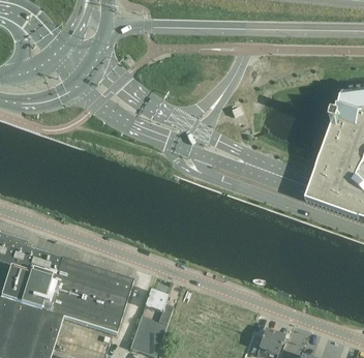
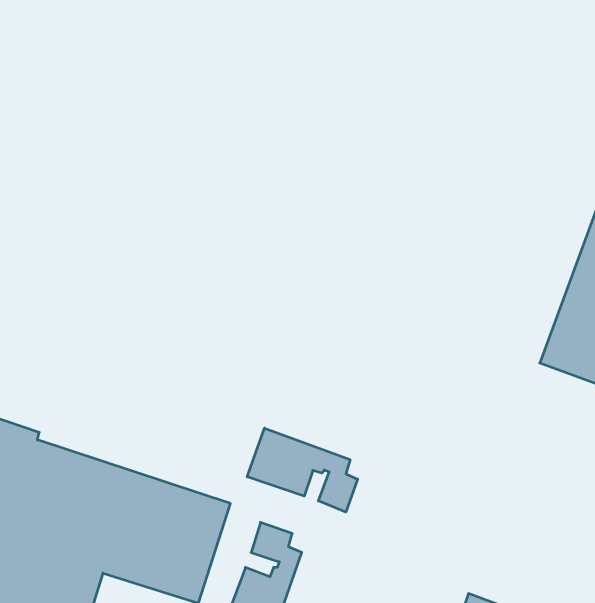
building: none -> [247,428,358,512]

